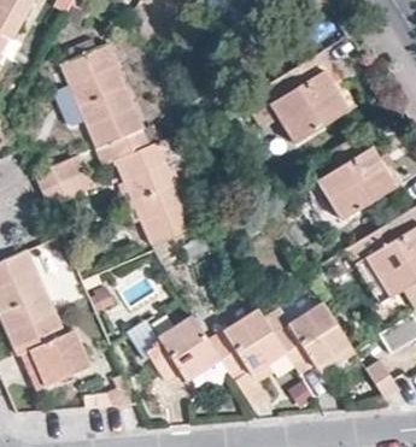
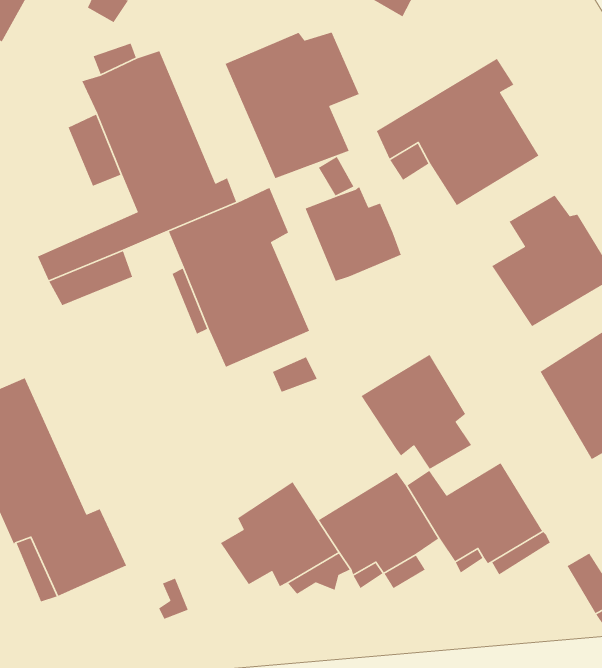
building: none -> [224,31,360,179]
building: none -> [305,186,402,282]
building: none -> [360,354,472,470]

